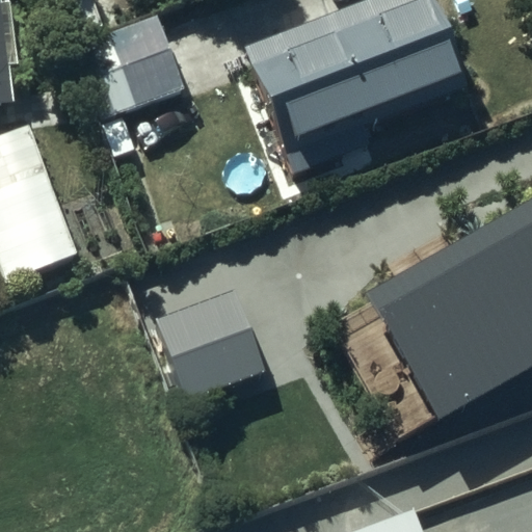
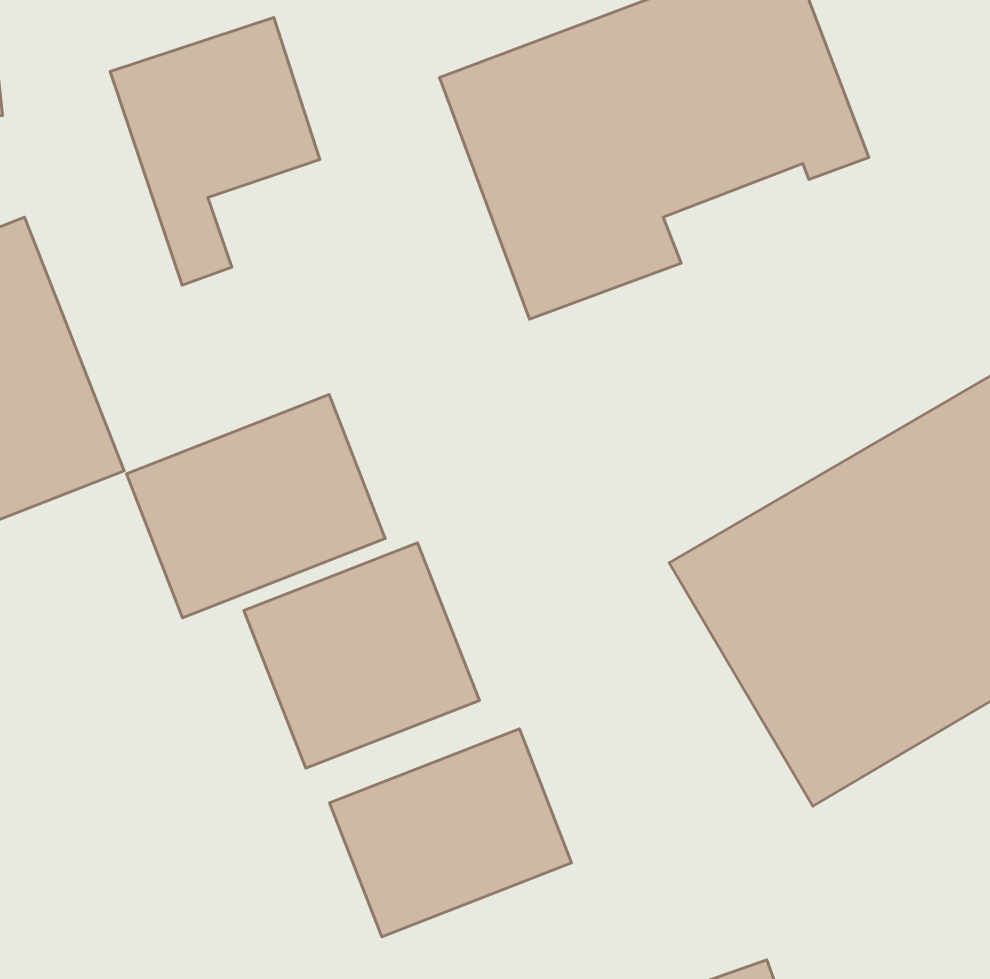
building: none -> [127,395,385,618]
building: none -> [330,729,572,937]

